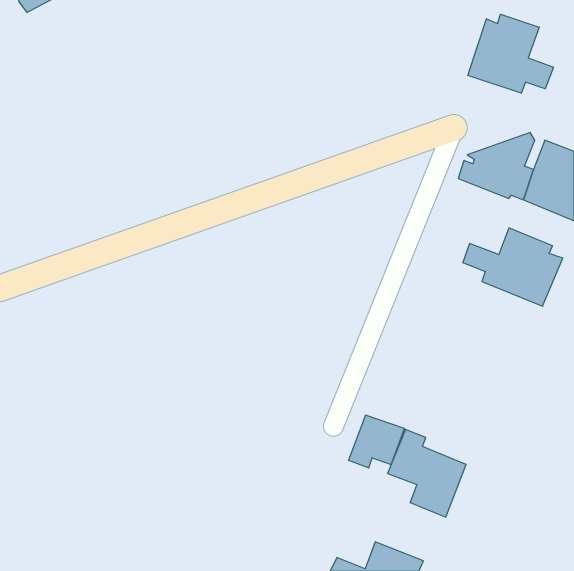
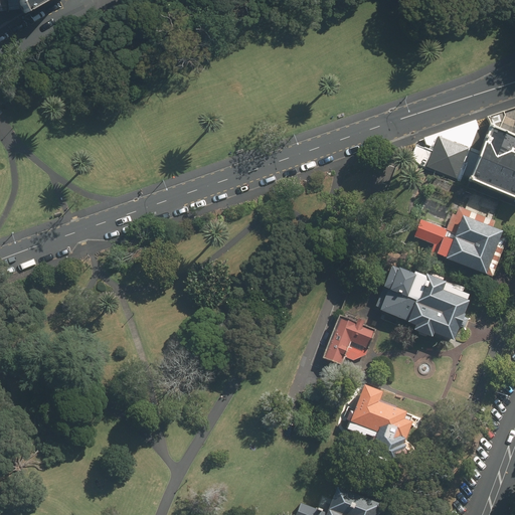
building: [468,14,553,93] -> none
building: none -> [379,265,470,339]
building: [348,415,405,468] -> [325,316,375,363]

